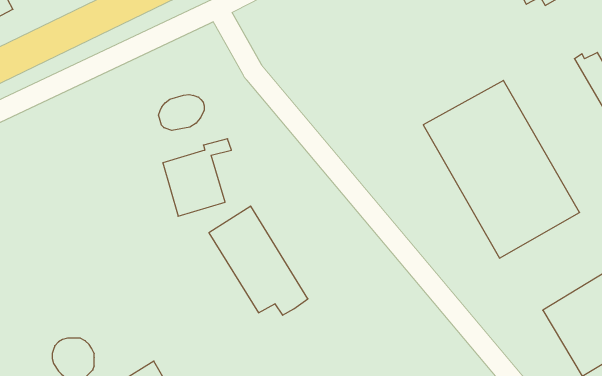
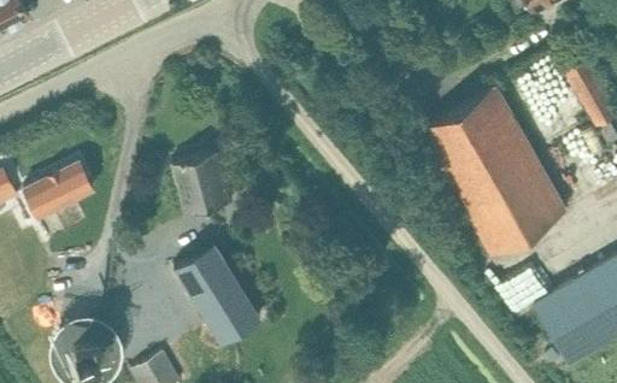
building: [159,95,204,130] -> none
building: none -> [23,161,93,217]
building: [209,206,308,315] -> [174,243,268,347]

